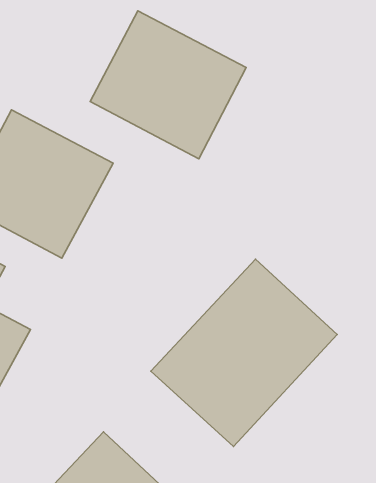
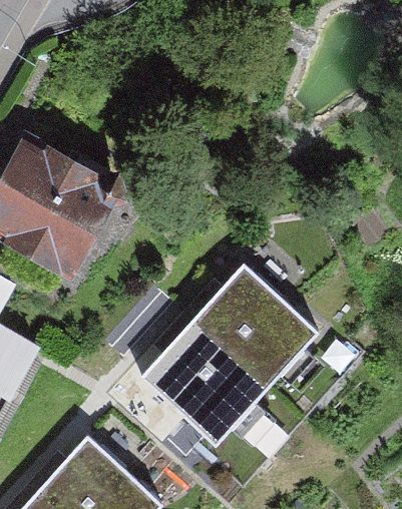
building: [90,11,246,159] -> none

